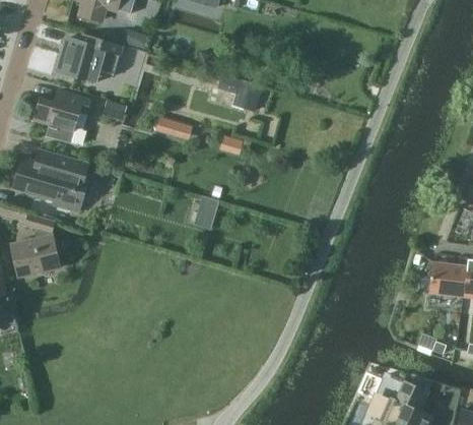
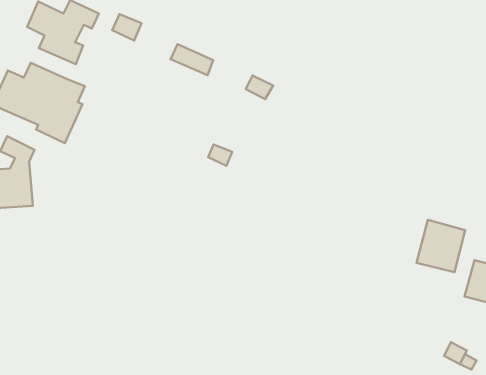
building: [232,79,262,112] -> none
building: none -> [417,220,465,272]

